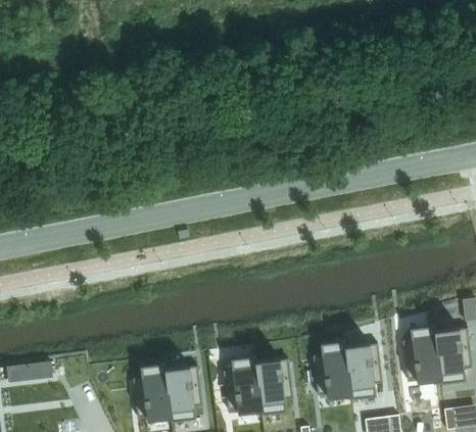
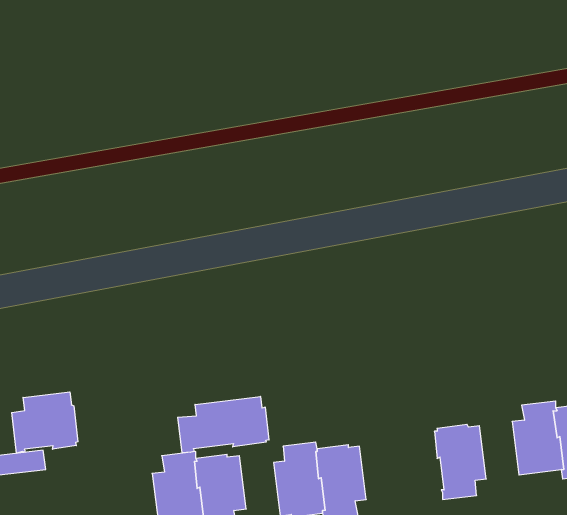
building: none -> [12,392,78,453]
building: none -> [178,396,269,453]
building: [312,341,349,397] -> none

